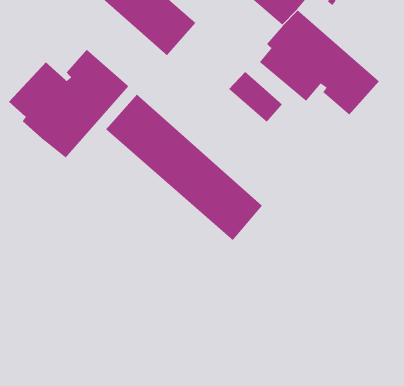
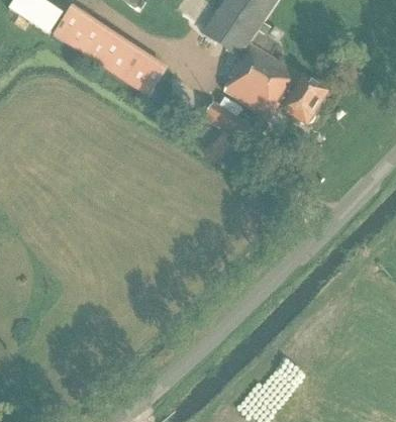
building: [8,49,130,159] -> none
building: [105,94,263,241] -> none

